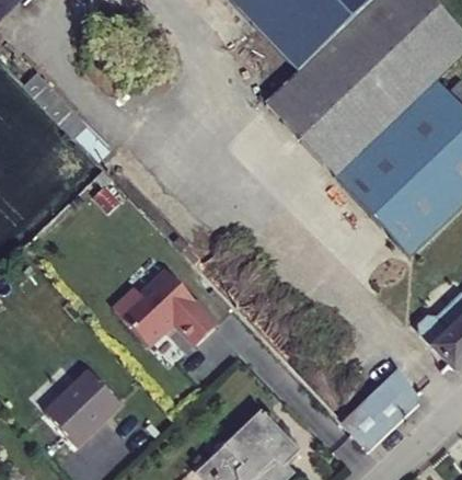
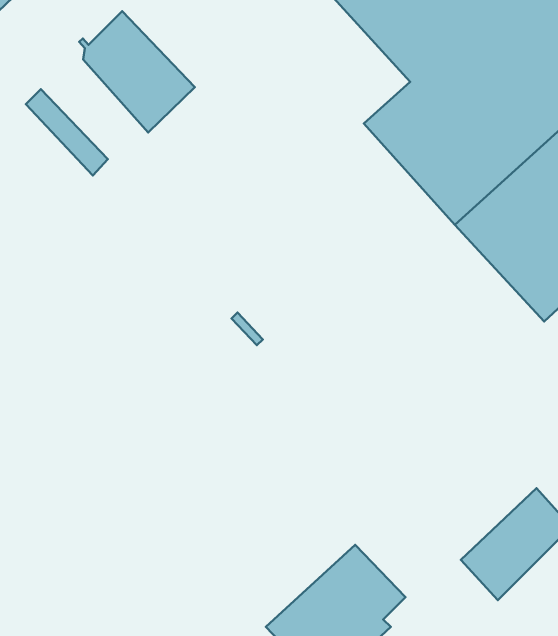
building: none -> [79,11,195,132]
building: [113,268,217,344] -> none
building: [45,369,120,445] -> none

